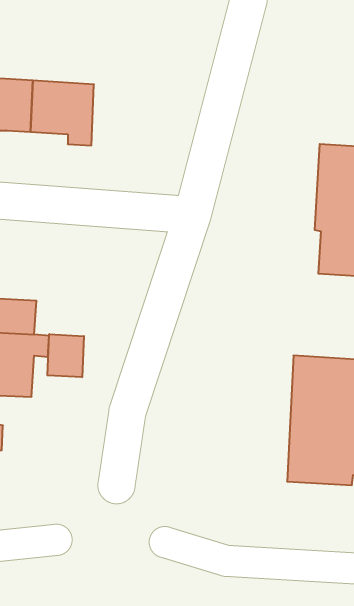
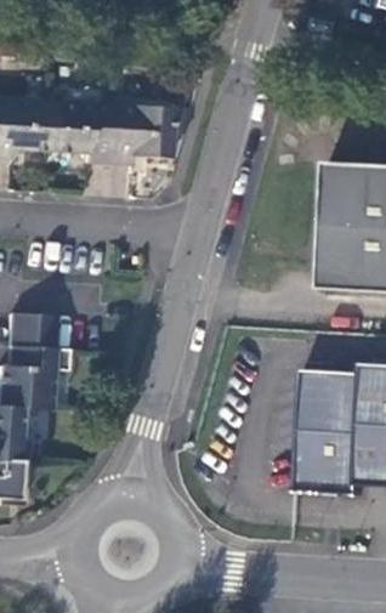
building: none -> [110,103,172,164]
building: [47,334,84,377] -> none

